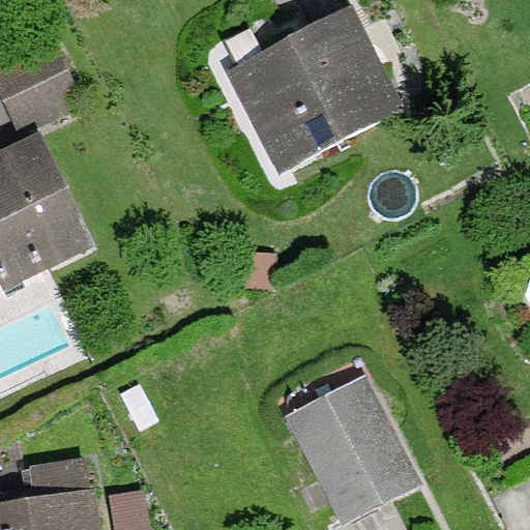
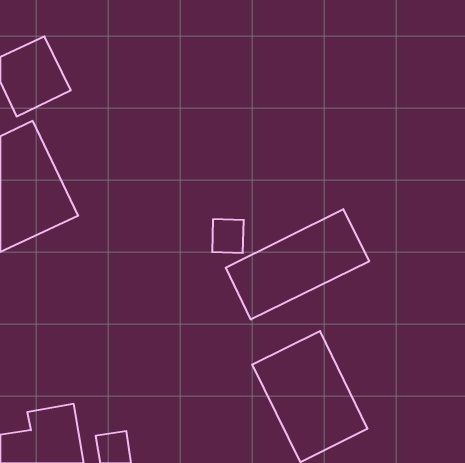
building: [230,9,402,171] -> none
building: none -> [226,209,369,320]

